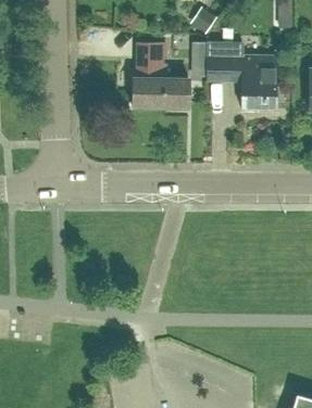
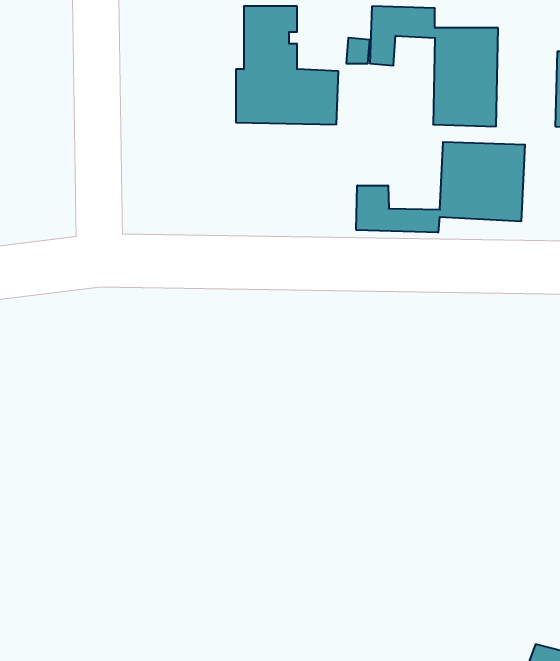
building: none -> [356,142,525,233]

